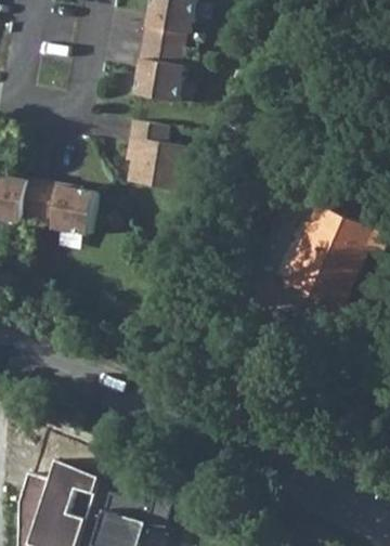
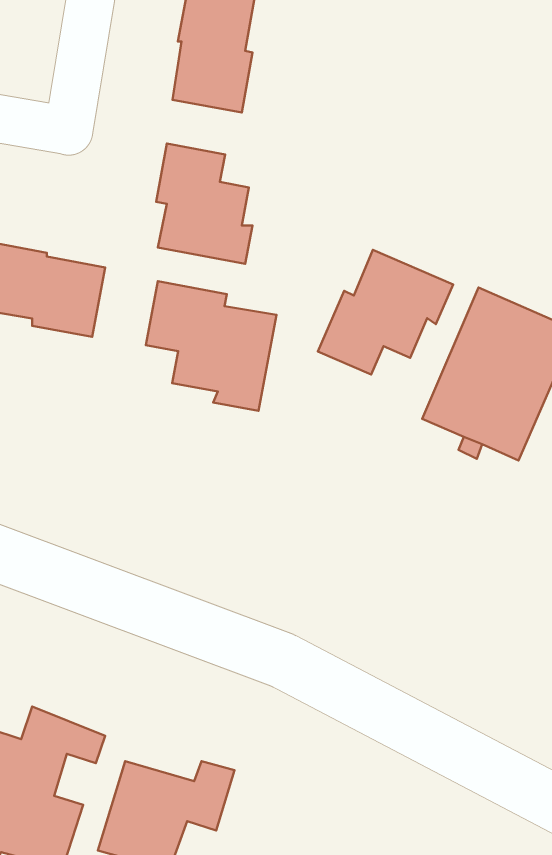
building: none -> [318,250,453,375]
building: none -> [146,281,277,411]

